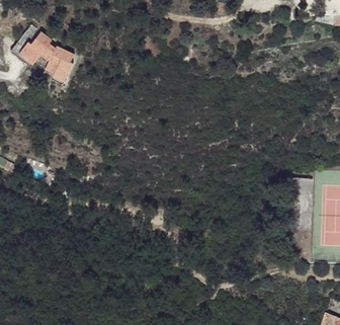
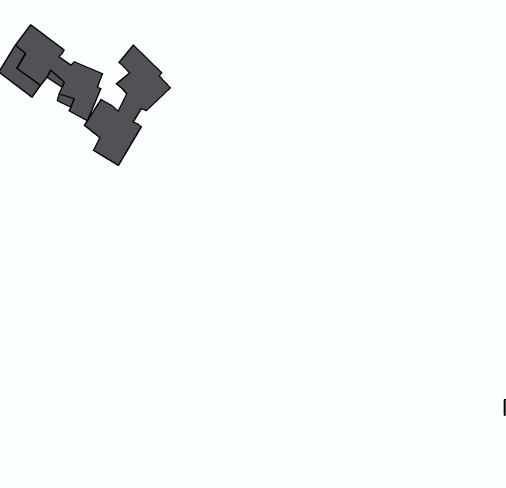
building: none -> [84,45,170,165]

